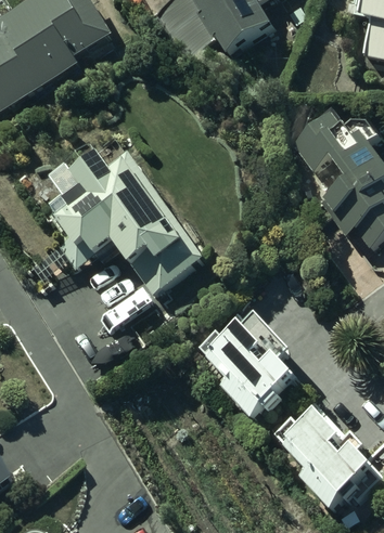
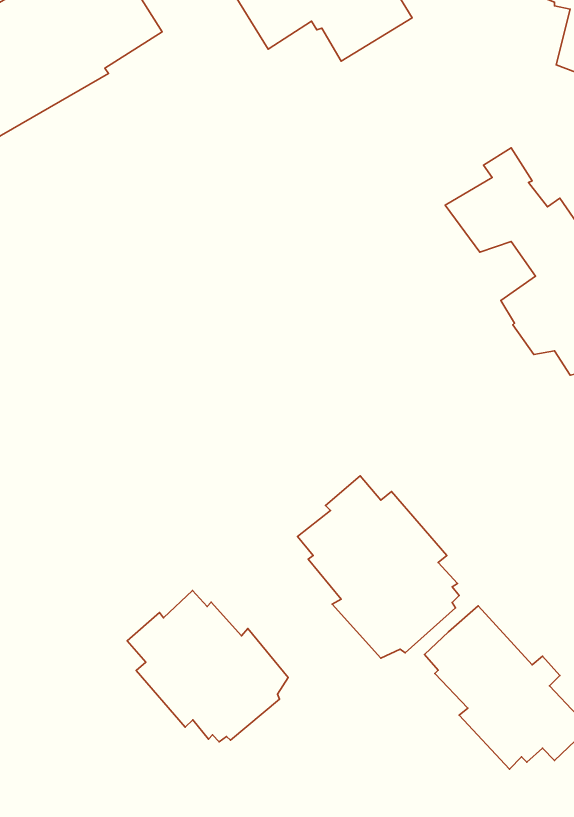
building: [44,150,203,294] -> none
building: none -> [127,591,288,742]

